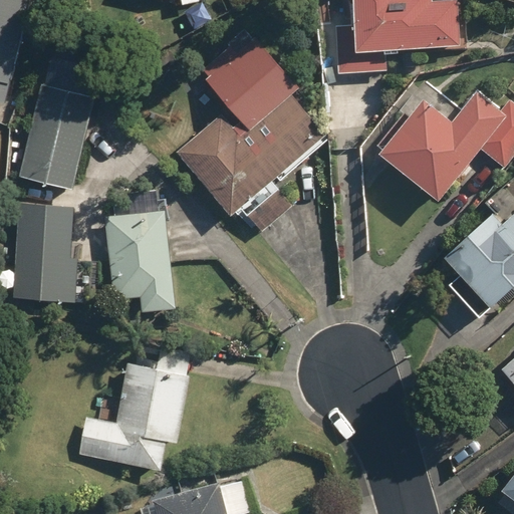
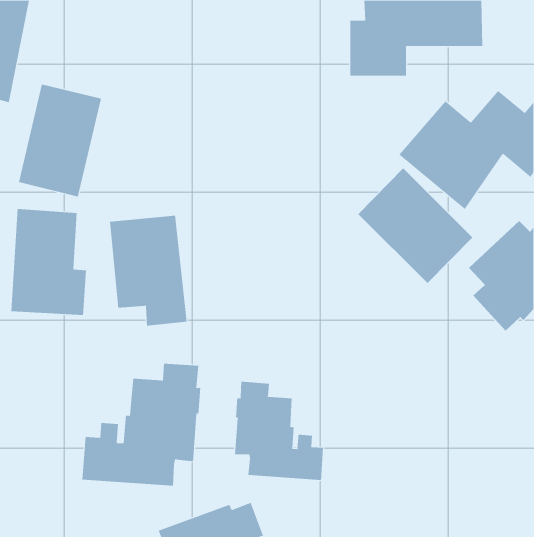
building: [175,29,327,232] -> none
building: none -> [358,168,473,284]
building: none -> [235,381,324,481]

